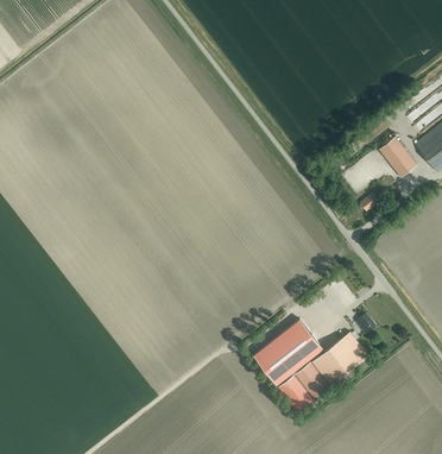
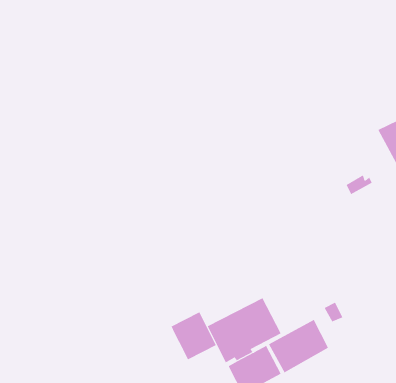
building: none -> [171,311,217,360]

